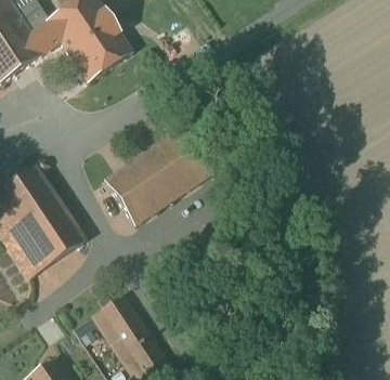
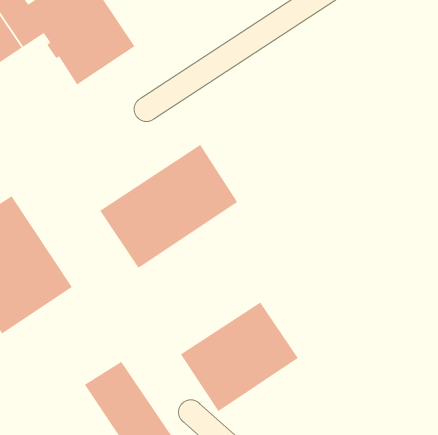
building: none -> [180,301,299,412]

